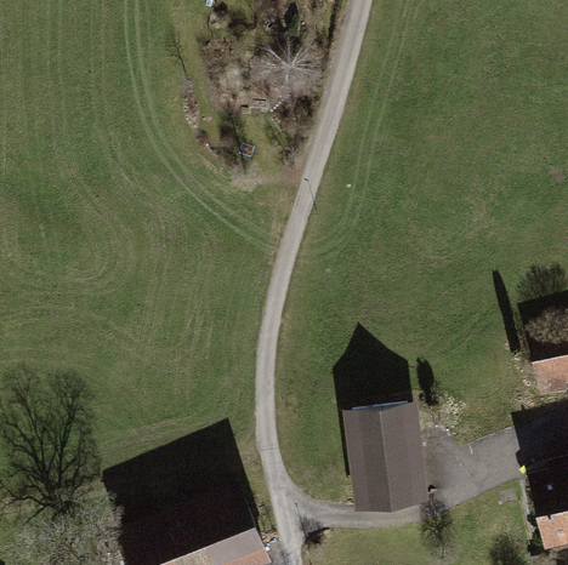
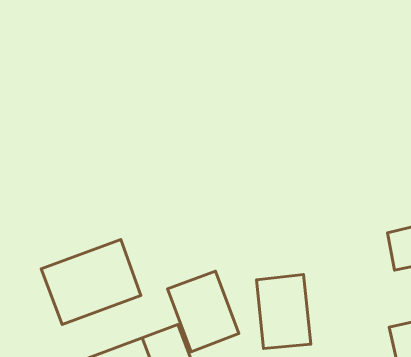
building: none -> [41,240,141,324]
building: none -> [168,271,239,352]

